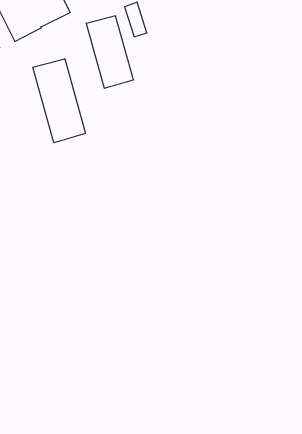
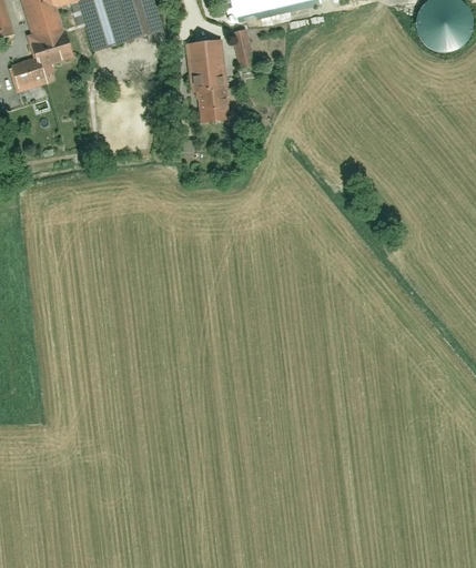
building: [33,59,85,143] -> none

